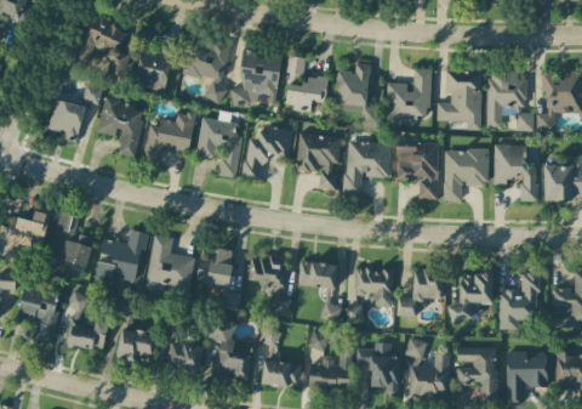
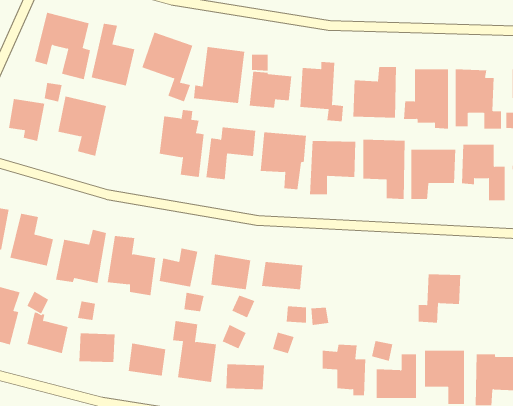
building: [143,110,195,161] -> none
building: [355,266,394,307] -> none
building: [396,268,444,316] -> none
building: [500,272,538,328] -> none
building: [309,348,350,391] -> none

